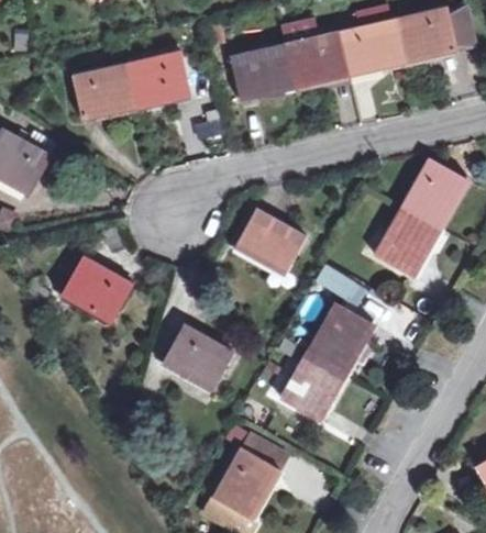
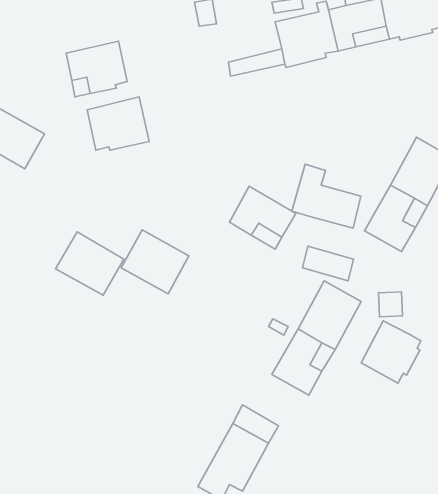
building: [231,44,291,85] -> none
building: [126,51,189,104] -> [87,97,149,150]
building: none -> [292,164,361,228]
building: [164,325,232,390] -> [121,230,189,294]
building: none -> [361,321,421,383]

